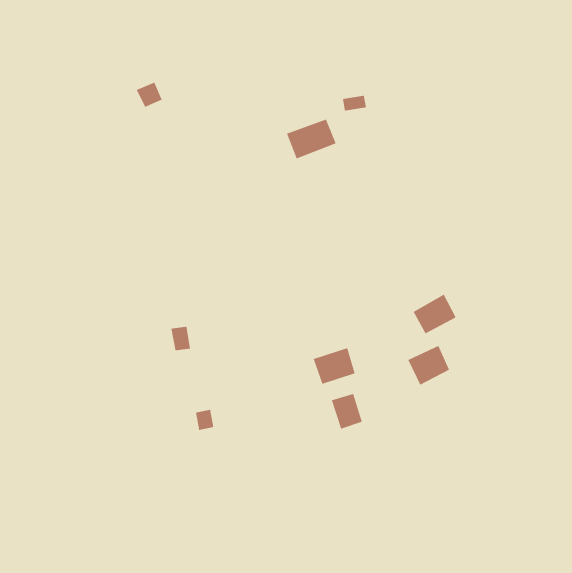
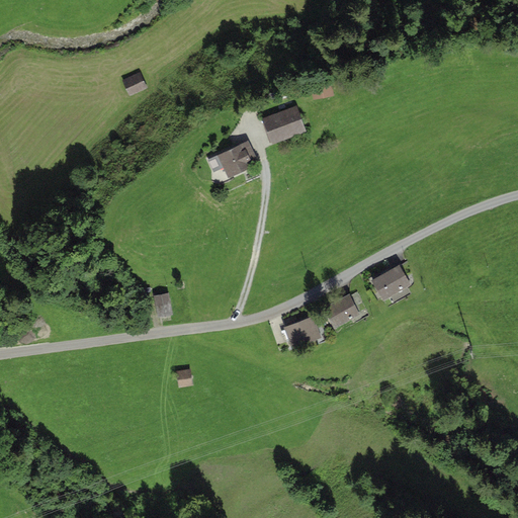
building: none -> [207,141,255,182]
building: [407,345,450,386] -> [322,293,360,330]
building: [331,393,362,429] -> none

